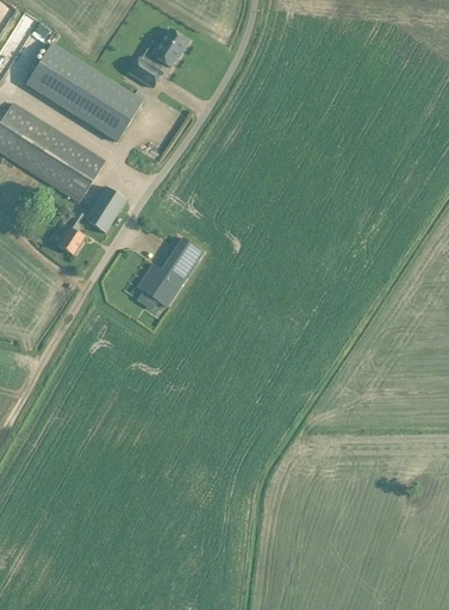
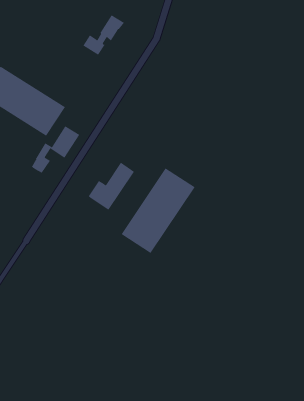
building: [25,43,145,141] -> none
building: none -> [121,168,196,254]

